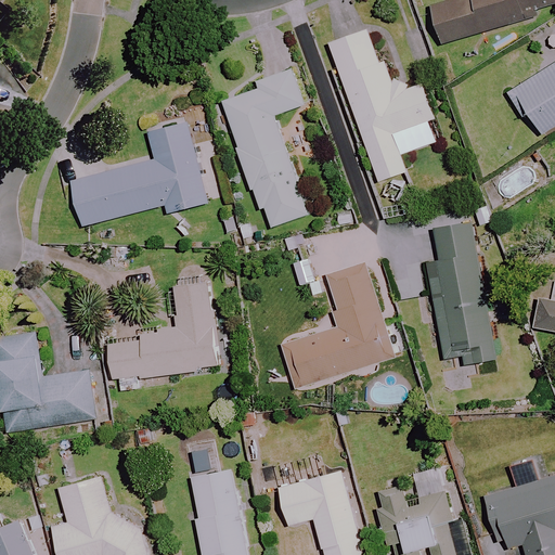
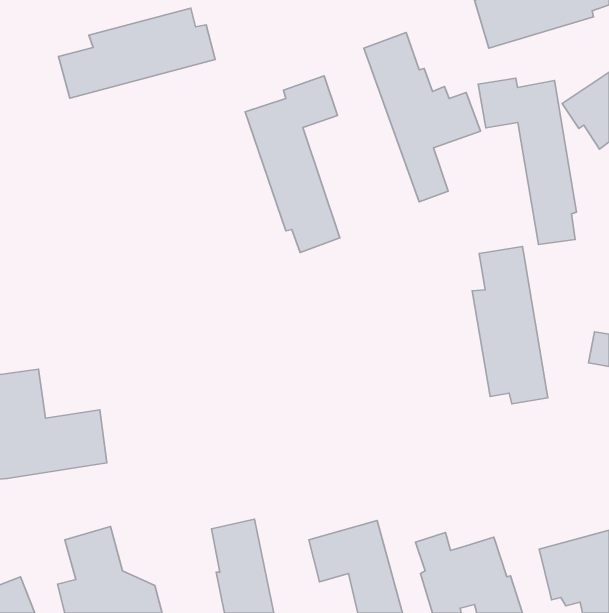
building: none -> [59,8,215,98]
building: none -> [478,78,577,245]
building: [70,120,208,225] -> none
building: [280,263,393,389] -> none
building: [108,281,219,382] -> none

